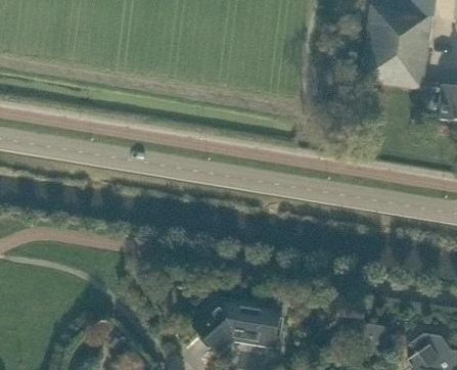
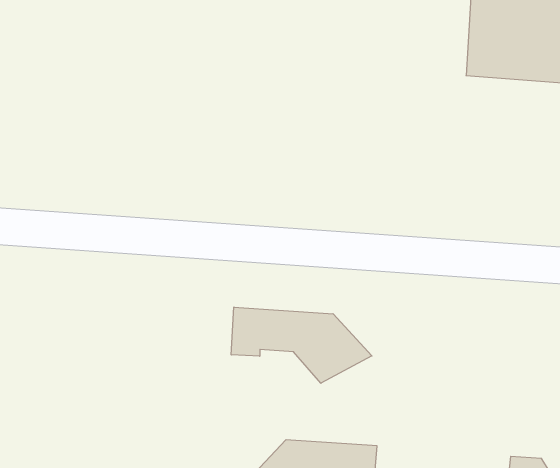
building: none -> [231,307,372,383]

